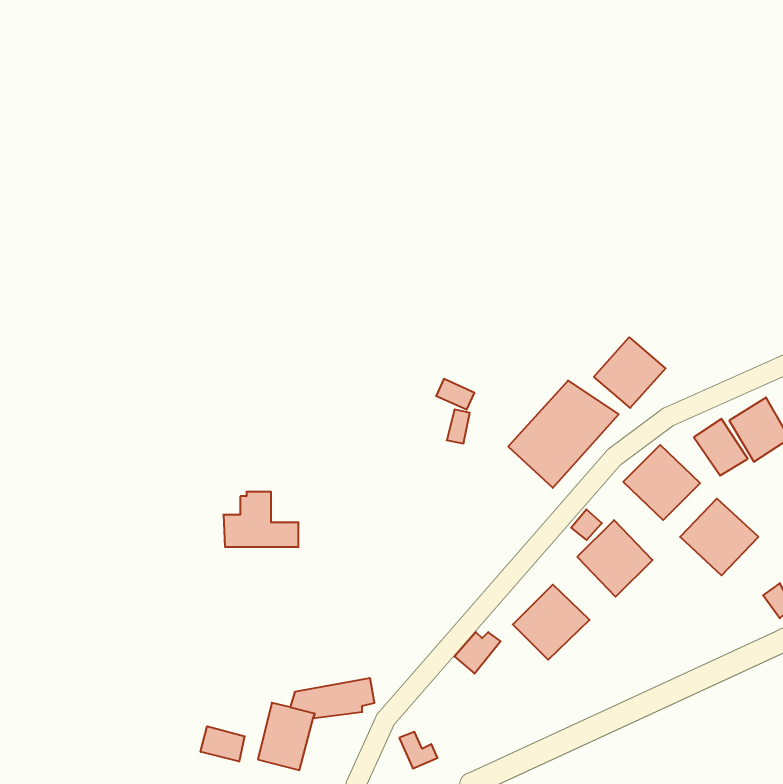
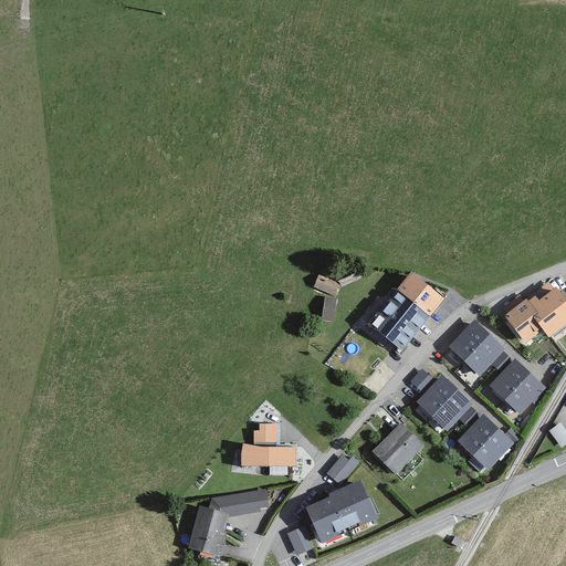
building: [594,337,666,408] -> none
building: [223,492,299,547] -> [243,426,297,465]
building: none -> [455,413,510,468]
building: none -> [306,481,378,542]
building: [201,726,245,762] -> none

